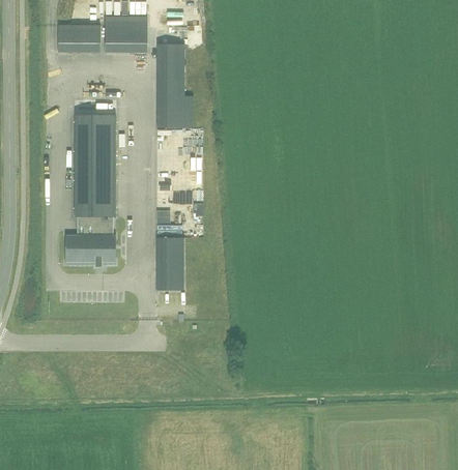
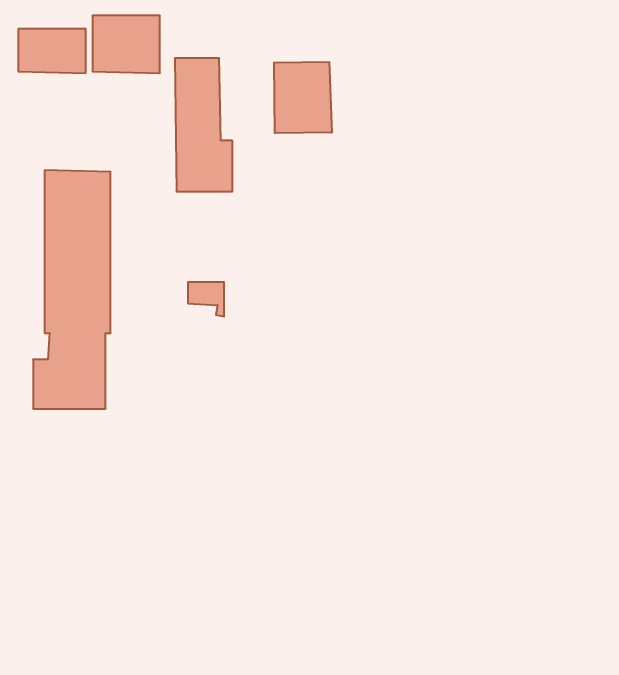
building: none -> [274,62,332,133]
building: [156,236,183,290] -> none

